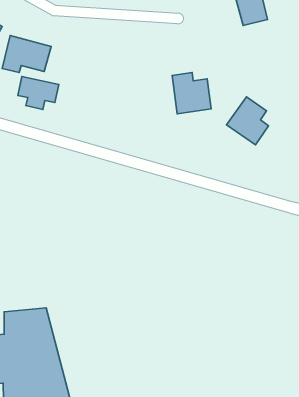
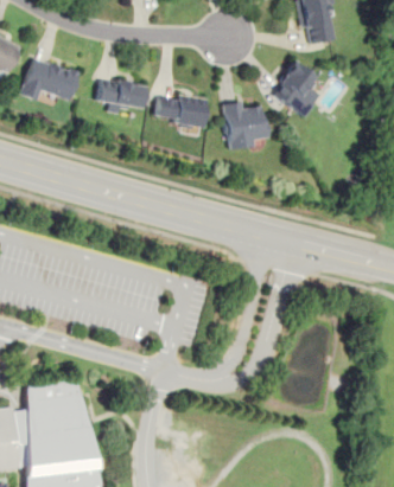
building: none -> [157,92,209,128]
building: [18,76,59,109] -> [99,76,147,115]
building: [226,97,268,145] -> [272,60,322,117]

